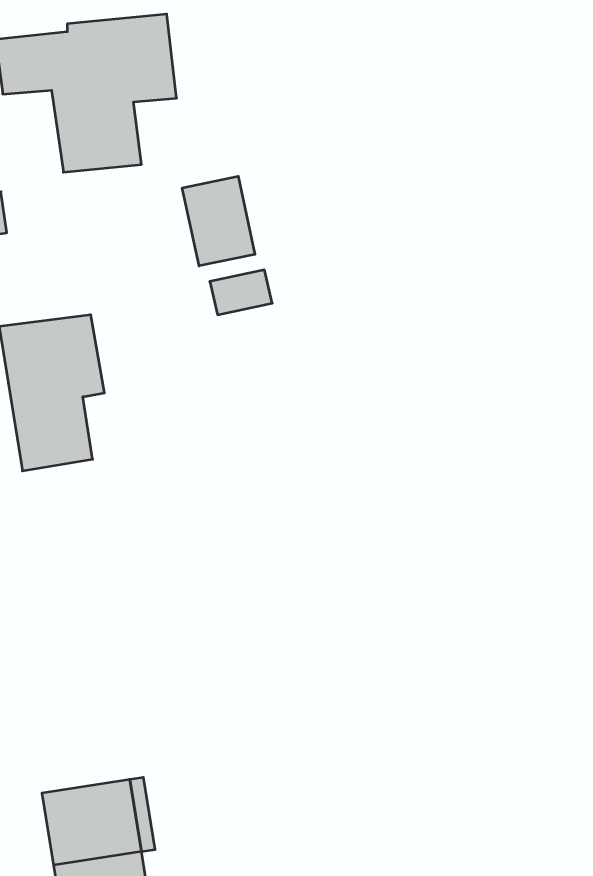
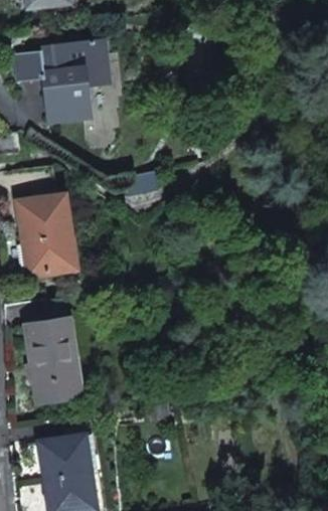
building: [182,176,255,266] -> none
building: none -> [27,320,78,401]

